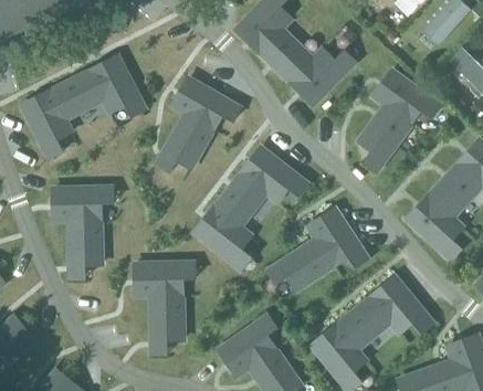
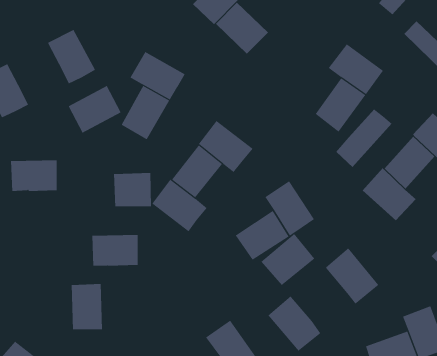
building: [290,50,345,106] -> none
building: [50,72,104,120] -> [68,85,121,133]
building: none -> [335,108,392,168]
building: none -> [114,172,152,207]
building: [70,220,101,266] -> none
building: [150,295,182,341] -> [71,284,103,330]
building: [336,298,391,351] -> [261,233,315,286]
building: [218,325,274,377] -> none

